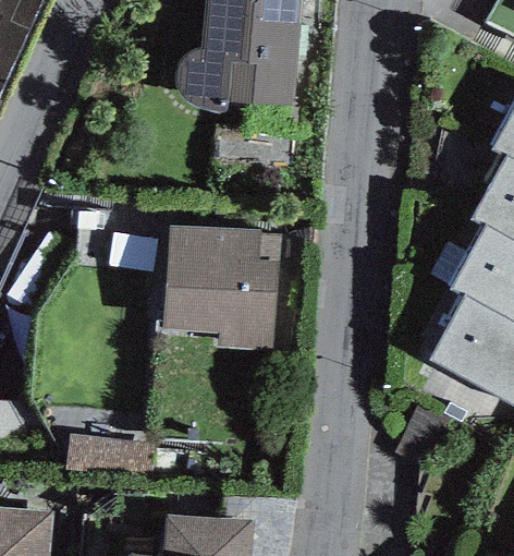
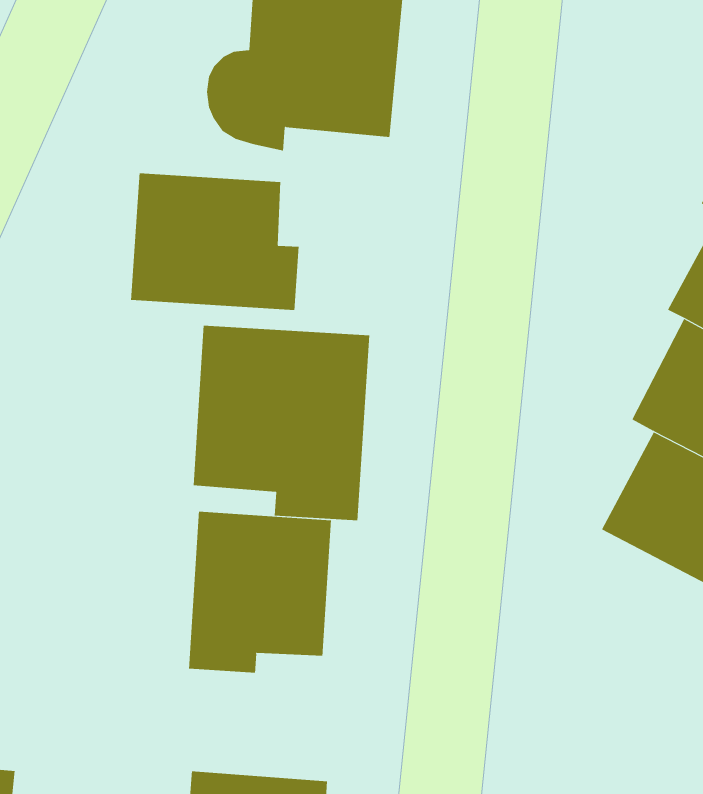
building: none -> [131,172,299,311]
building: none -> [189,511,331,674]

